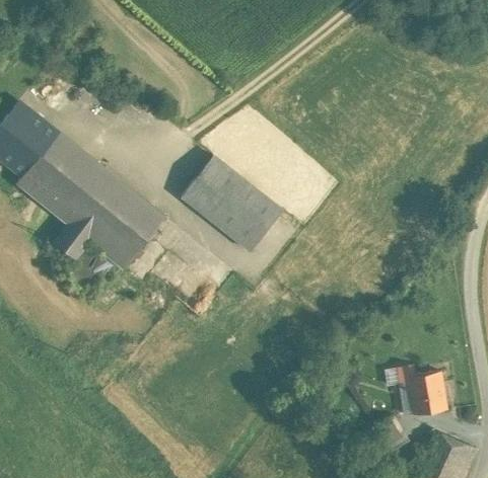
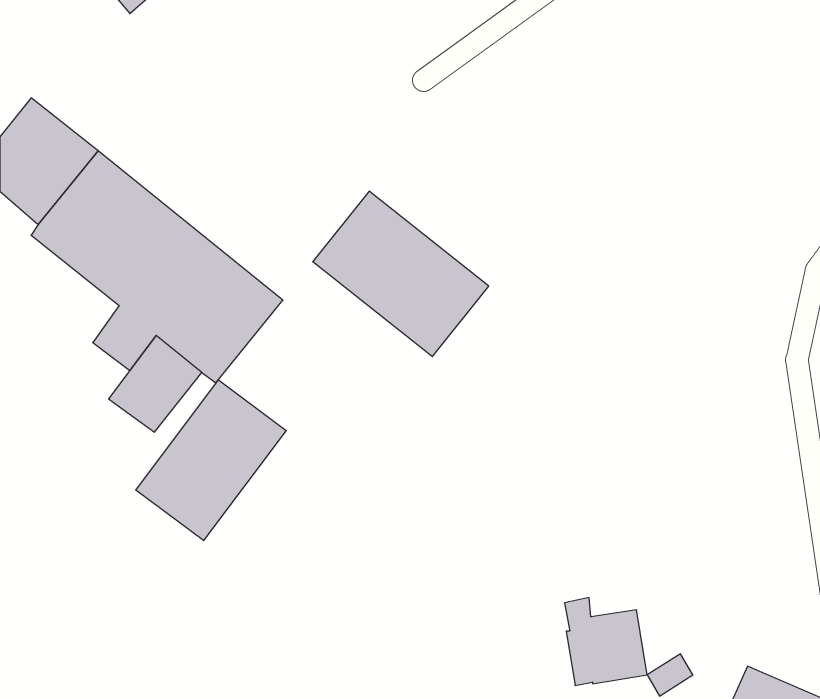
building: none -> [136,380,286,541]
building: [399,365,446,415] -> [564,598,647,686]

